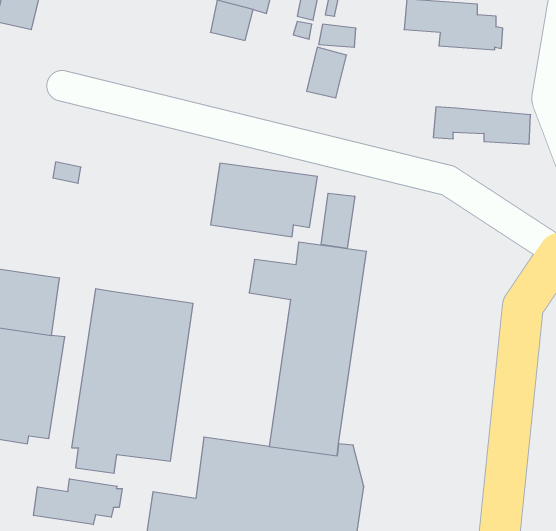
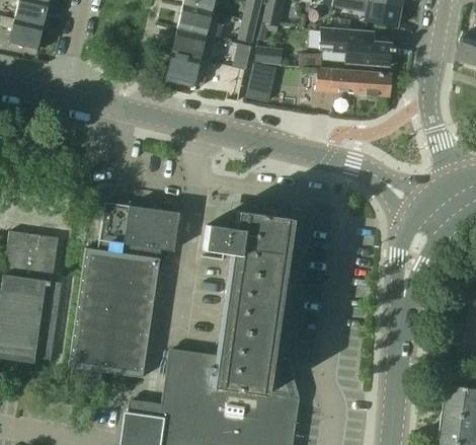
building: none -> [167,52,200,83]
building: [433,107,531,144] -> [317,67,391,95]
building: [211,163,317,237] -> [98,202,179,257]
building: [321,193,355,249] -> none
building: [34,479,122,525] -> none

